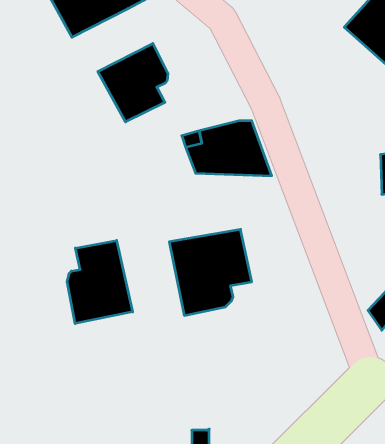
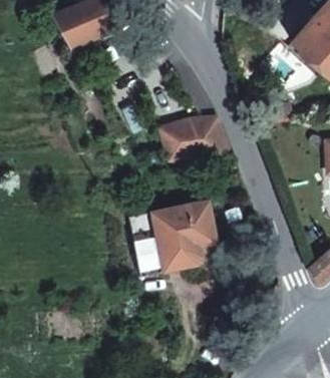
building: [98,43,168,122] -> none
building: [67,240,133,324] -> none

